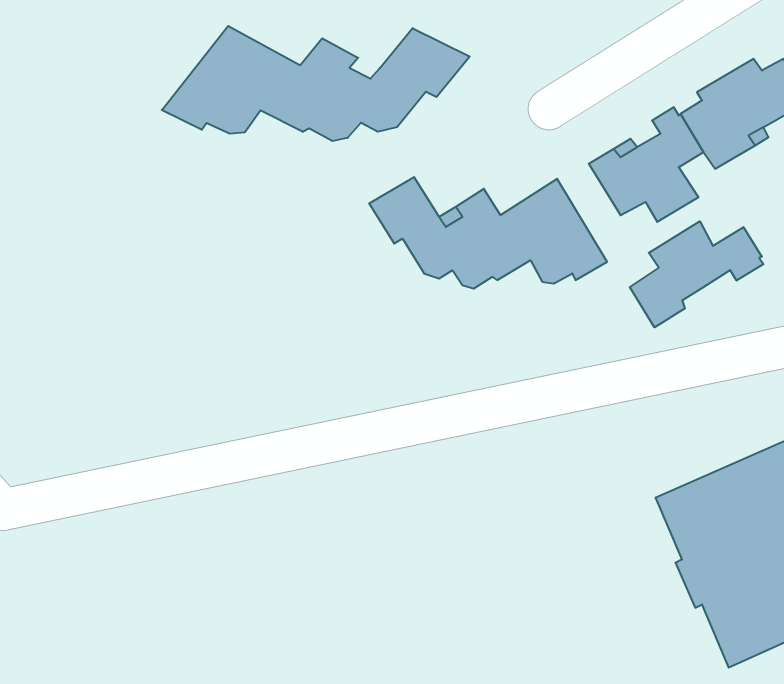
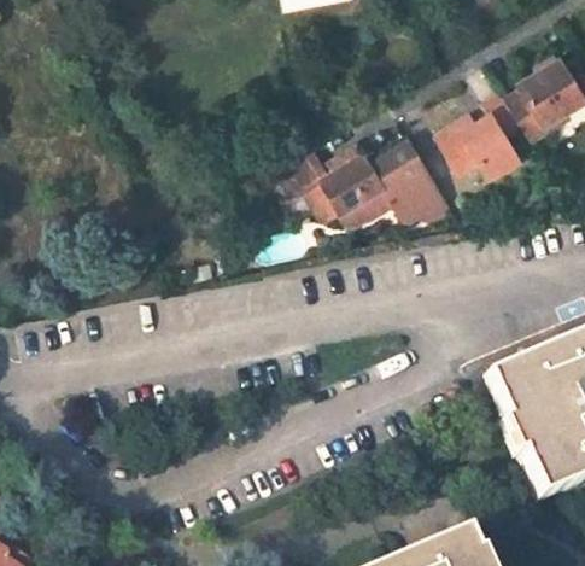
building: [162,26,470,141] -> none
building: [630,221,763,327] -> none

